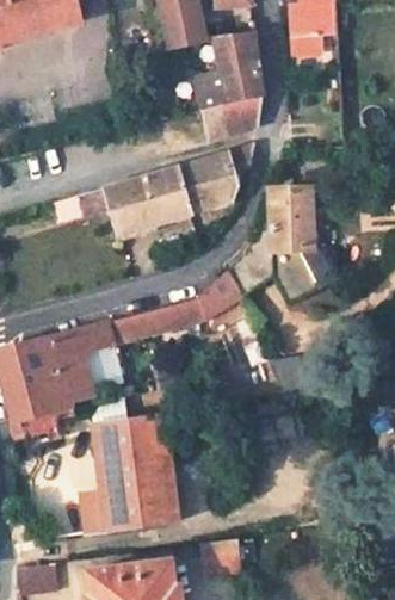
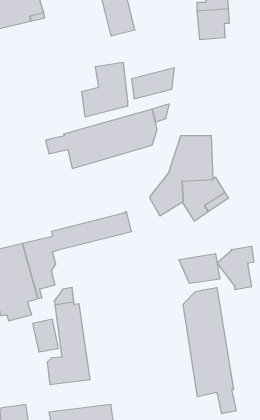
building: [196,35,260,110] -> [81,63,128,117]
building: [193,273,240,321] -> none
building: none -> [217,246,254,290]
building: none -> [183,287,236,414]
building: [128,416,179,526] -> none
building: [202,538,242,573] -> none

